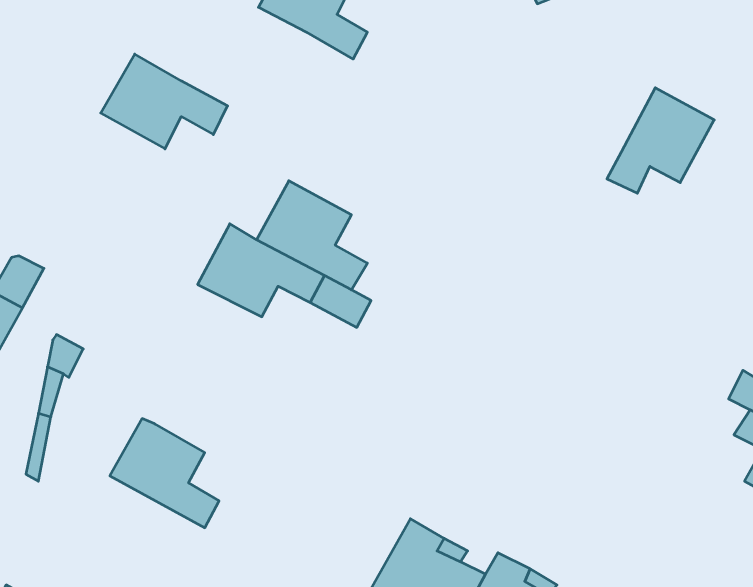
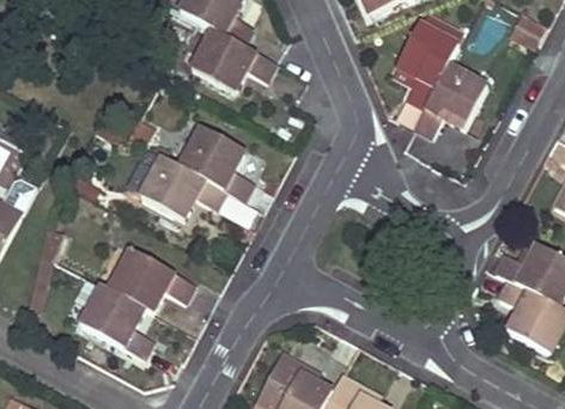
building: none -> [396,23,458,108]
building: [101,54,228,149] -> [190,28,275,91]
building: none -> [111,250,196,312]

